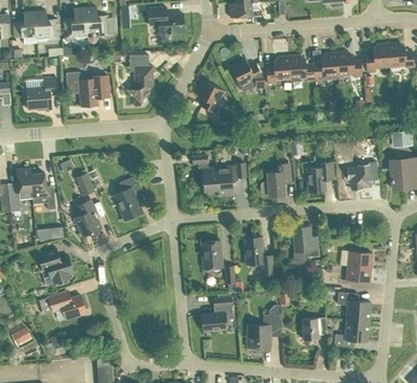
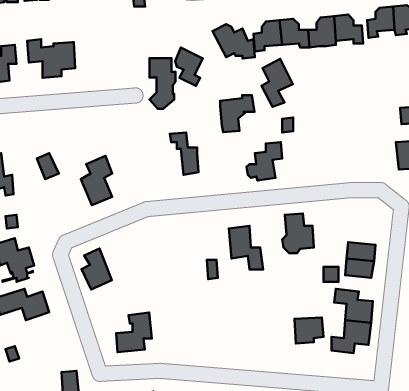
building: [130,54,153,99] -> [149,58,176,109]
building: none -> [262,59,293,107]
building: [308,161,333,193] -> none
building: [216,163,246,195] -> [220,95,255,132]
building: [349,163,377,189] -> none
building: [75,200,101,236] -> [82,248,112,290]
building: [201,240,222,269] -> none
building: [202,296,233,331] -> [116,313,152,352]
building: [246,313,281,347] -> none

